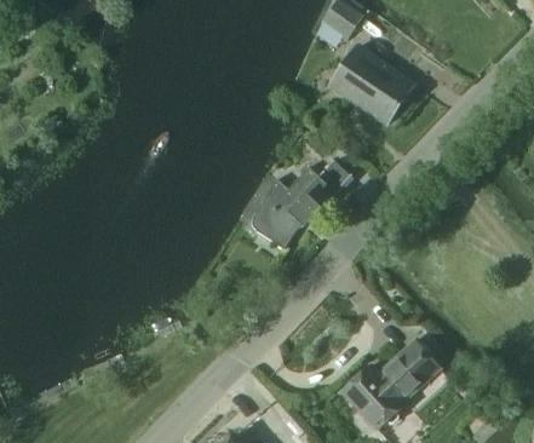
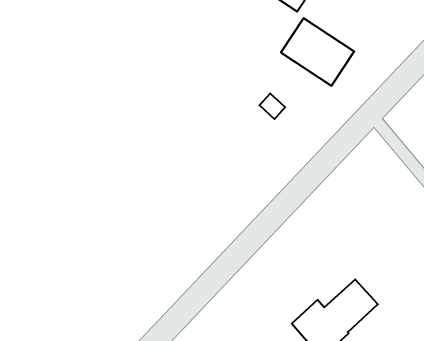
building: [253,168,341,247] -> none

